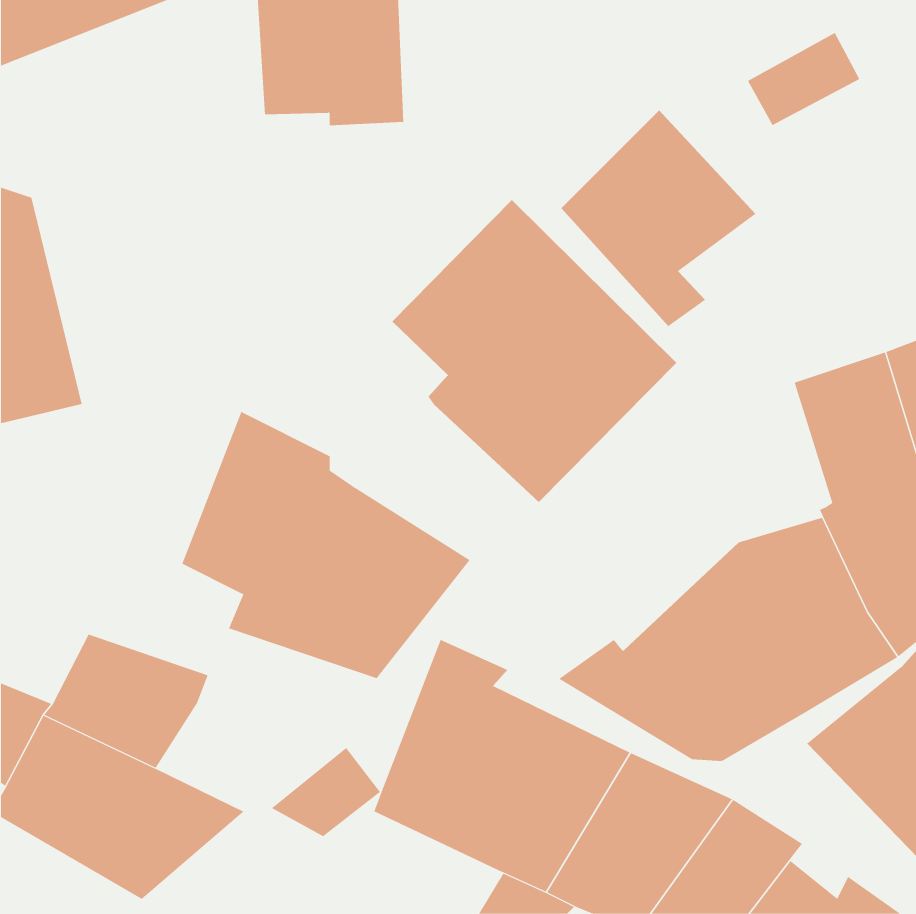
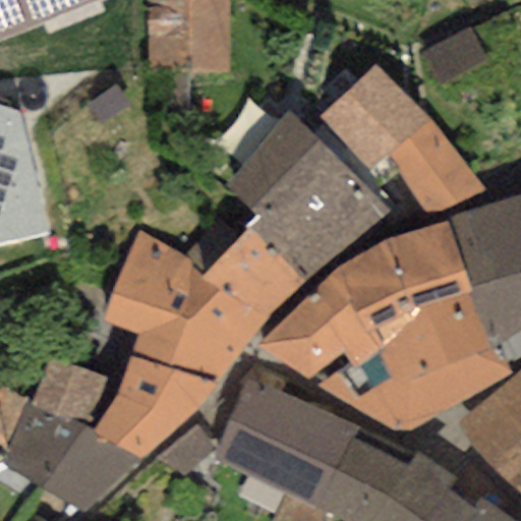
building: none -> [386,121,486,213]
building: none -> [259,221,469,380]
building: none -> [201,229,306,317]
building: none -> [90,356,215,460]

